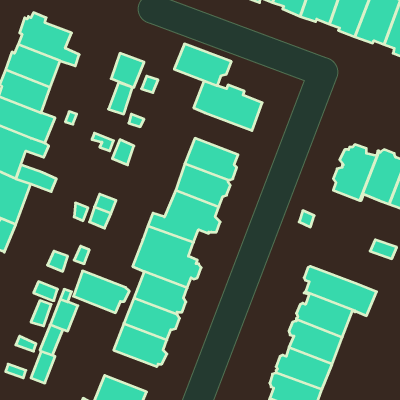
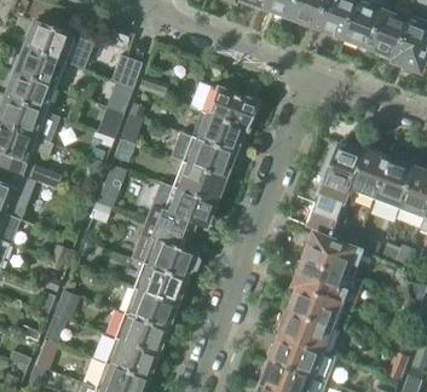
building: [174,44,231,86] -> [190,114,244,154]
building: none -> [307,188,347,236]
building: none -> [300,235,362,277]
building: [73,271,129,313] -> [104,340,157,380]

